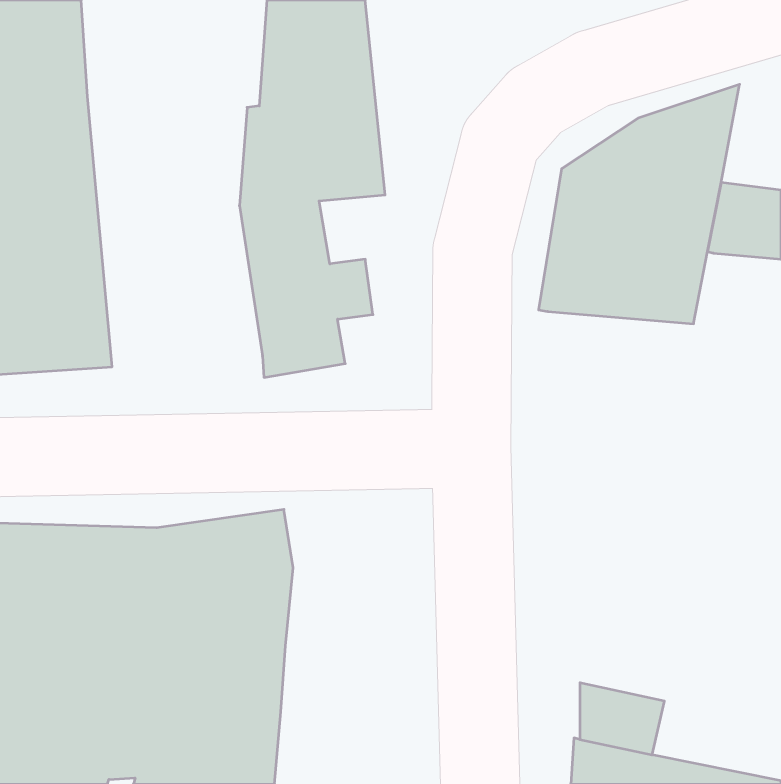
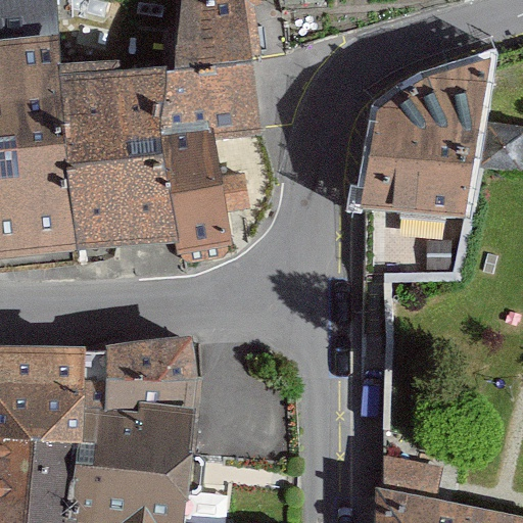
building: none -> [58,60,175,244]

